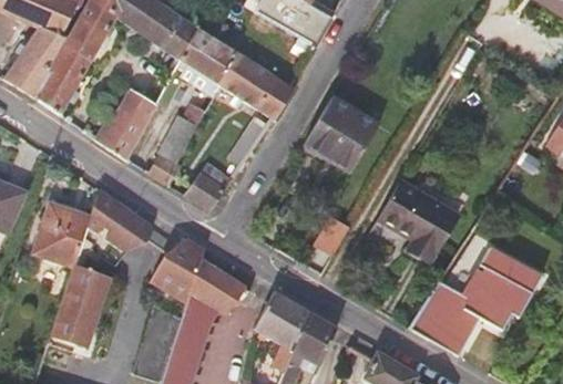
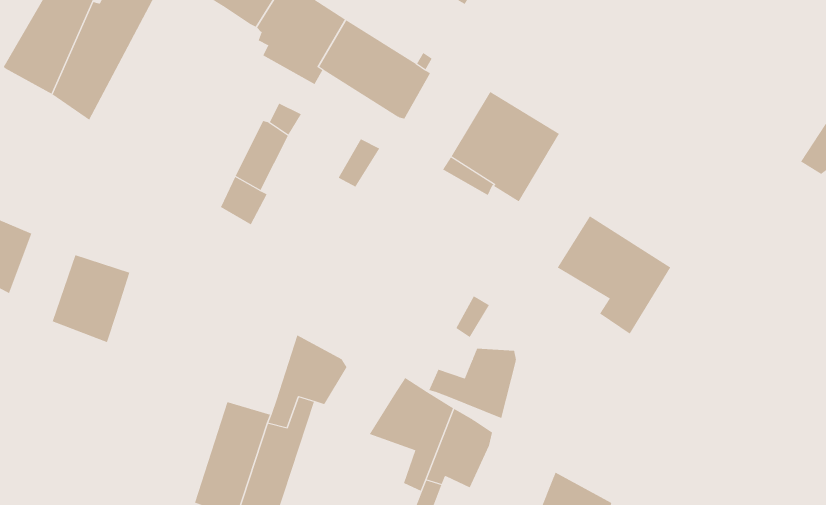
building: [92,87,156,160] -> none
building: [184,168,234,210] -> none
building: [81,189,152,267] -> none
building: [151,237,206,304] -> none
building: [409,247,538,353] -> none
building: [50,267,111,351] -> none
building: none -> [428,348,516,419]

